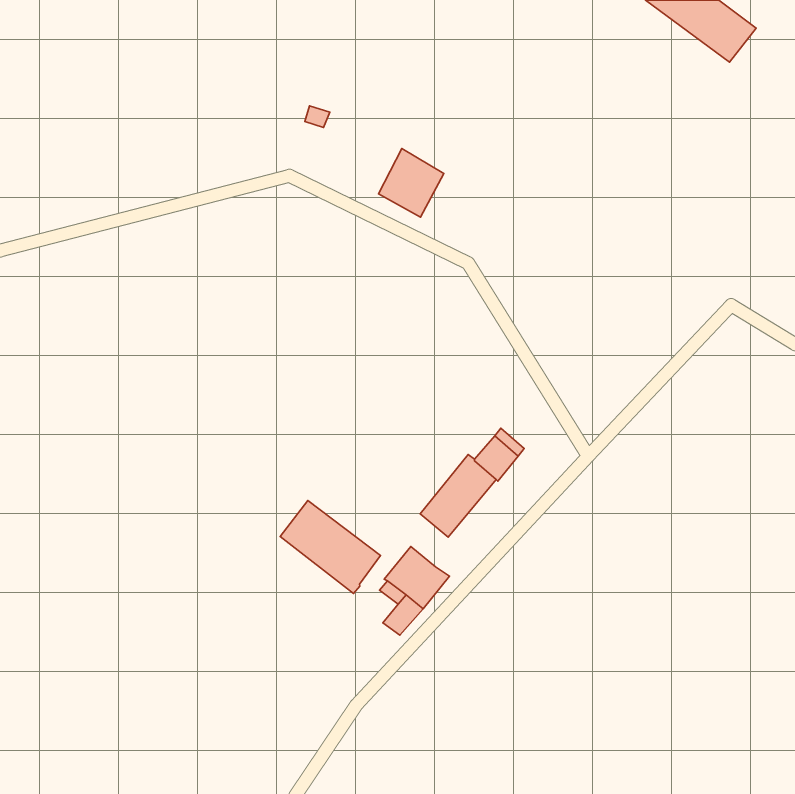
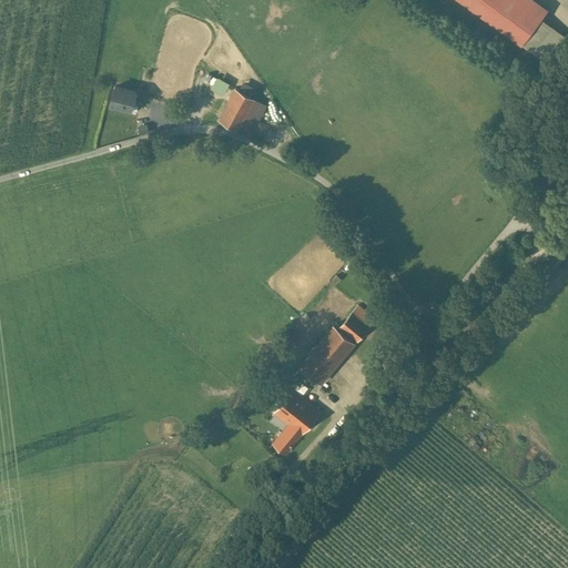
building: none -> [110,87,139,112]
building: [379,149,444,217] -> [219,89,265,138]
building: [280,500,381,593] -> none

